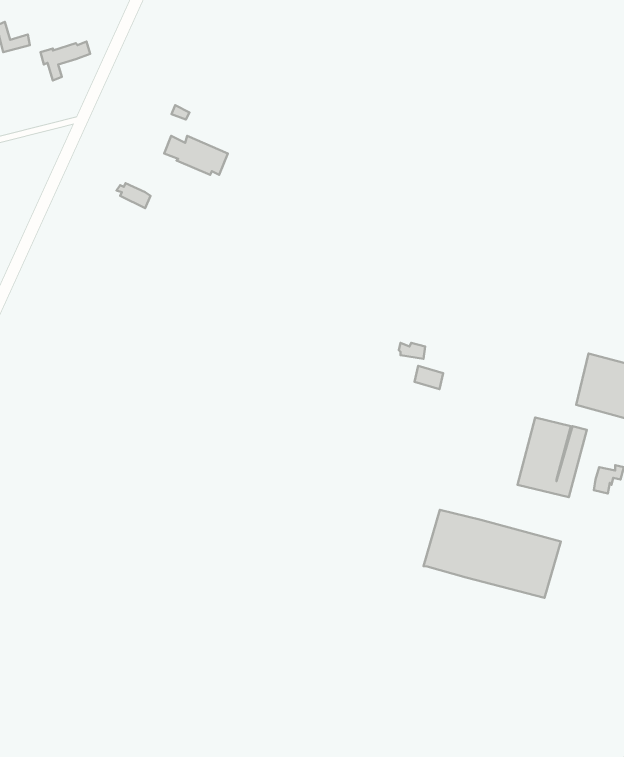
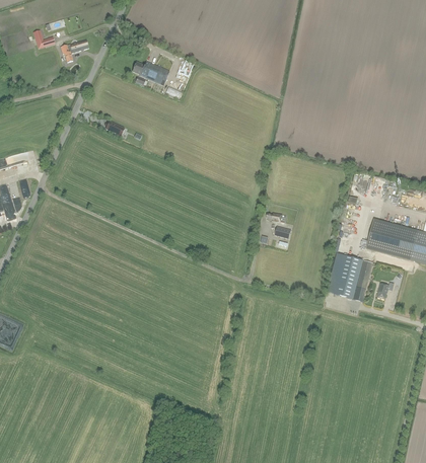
building: [164,136,228,175] -> [131,61,167,83]
building: [424,510,561,598] -> none

